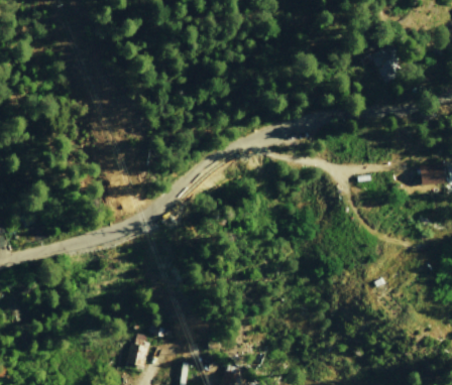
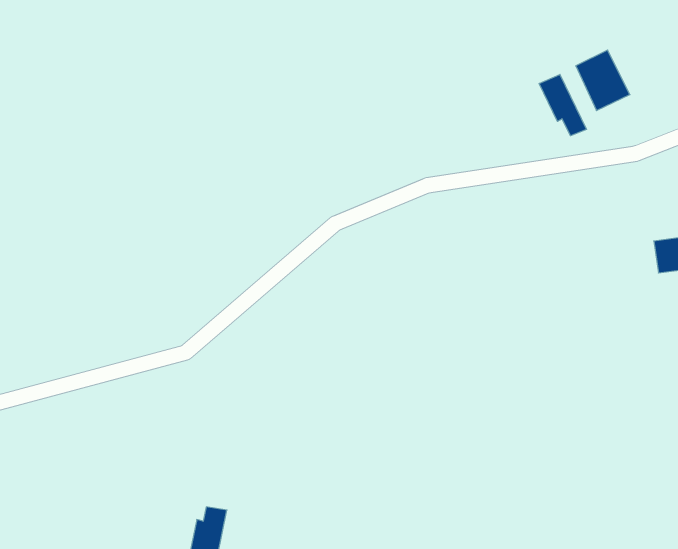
building: none -> [539,74,586,136]

